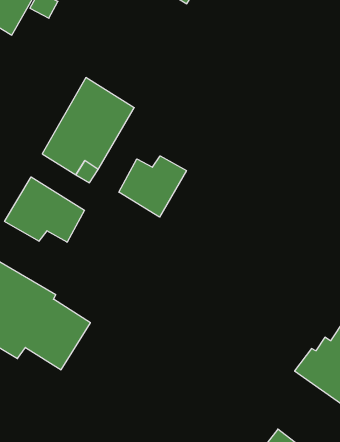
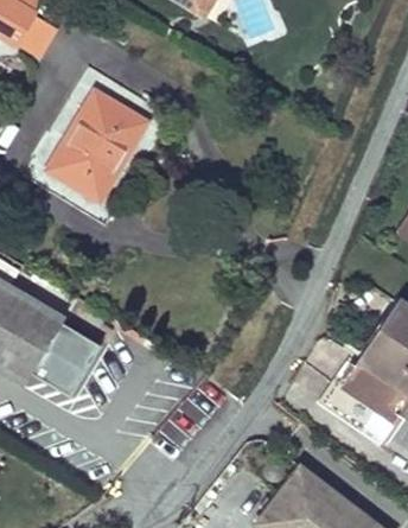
building: [119,156,186,217] -> none
building: [5,177,84,242] -> none

